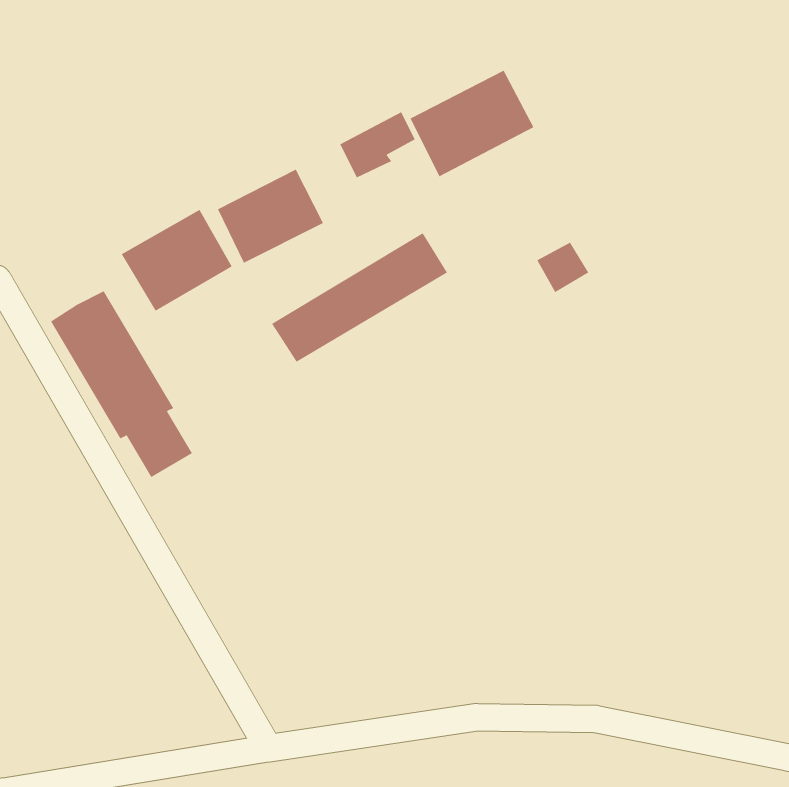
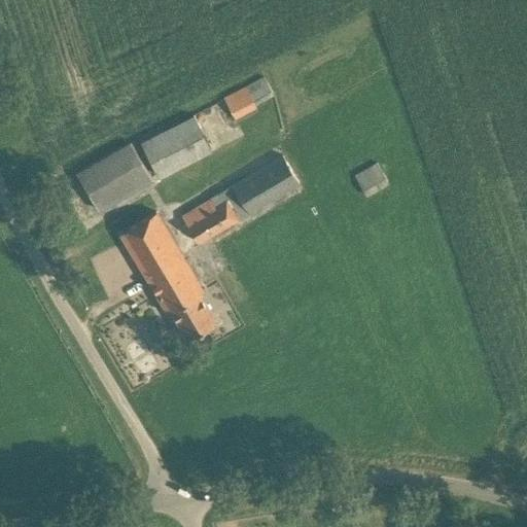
building: [410,70,534,177] -> none
building: [50,290,193,478] -> [118,214,213,339]

